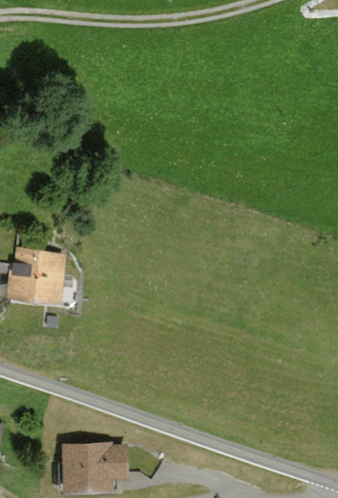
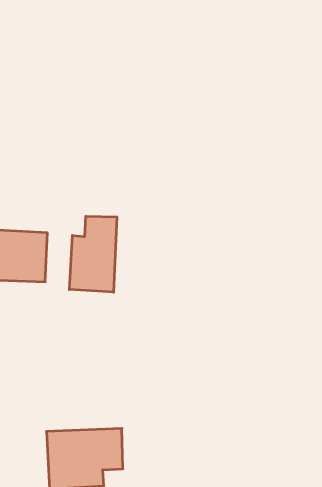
building: none -> [69,216,117,292]

